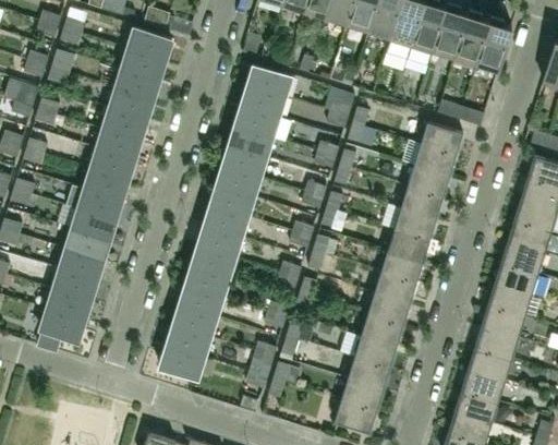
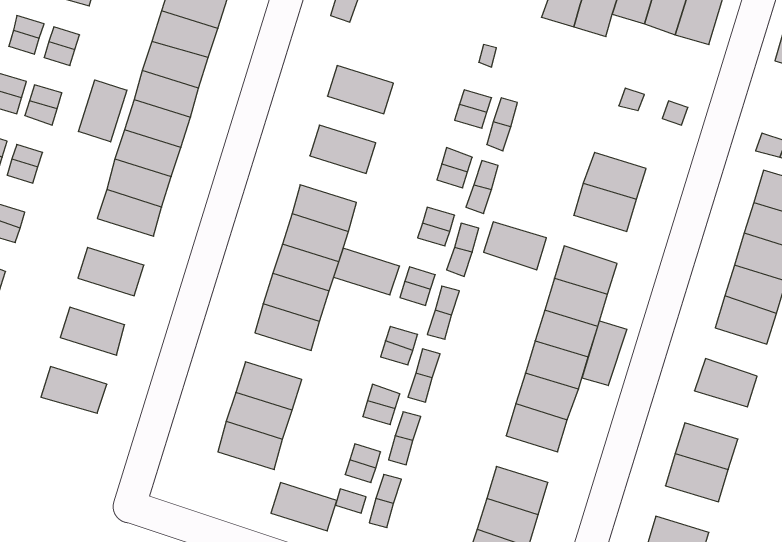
building: [246,64,291,97] -> none
building: none -> [78,80,127,142]
building: [234,106,278,137] -> none
building: [421,122,462,155] -> none
building: [221,146,266,178] -> [334,248,400,295]
building: [400,187,442,219] -> [484,222,546,270]
building: [77,189,122,220] -> none
building: [65,229,109,261] -> none
building: none -> [582,321,627,386]
building: [496,263,537,296] -> none
building: [184,266,229,298] -> none
building: [52,269,97,301] -> none
building: [482,305,524,338] -> none
building: [37,310,84,351] -> none
building: [354,336,396,368] -> none
building: [159,347,204,380] -> [271,483,337,531]
building: [462,370,505,401] -> none

